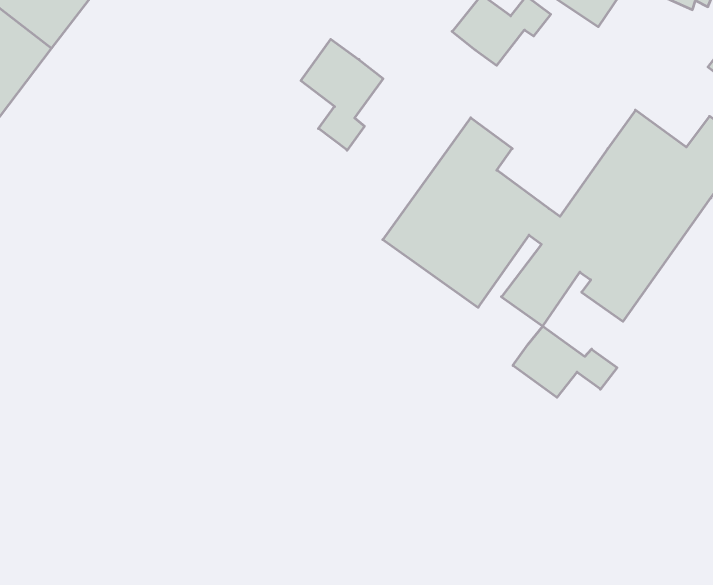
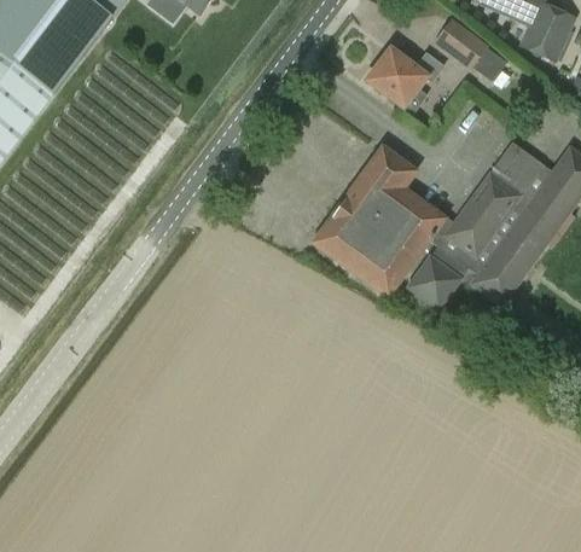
building: [301,39,383,150] -> none
building: [513,326,617,397] -> none

